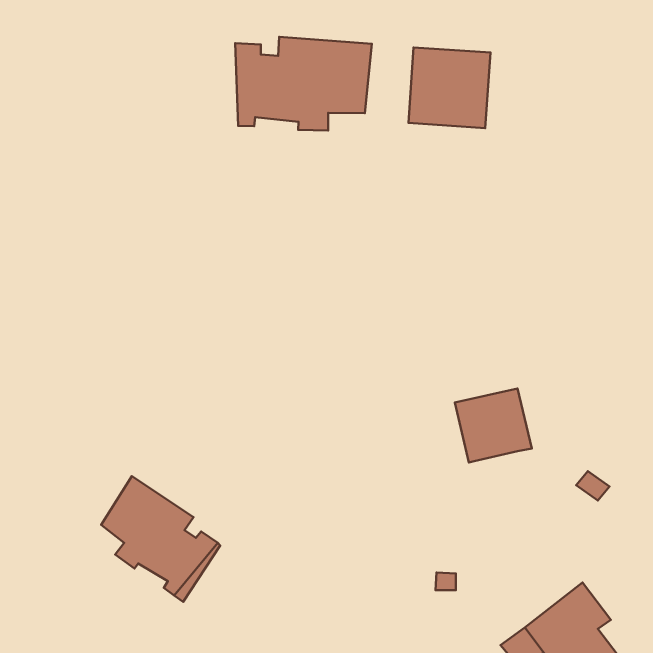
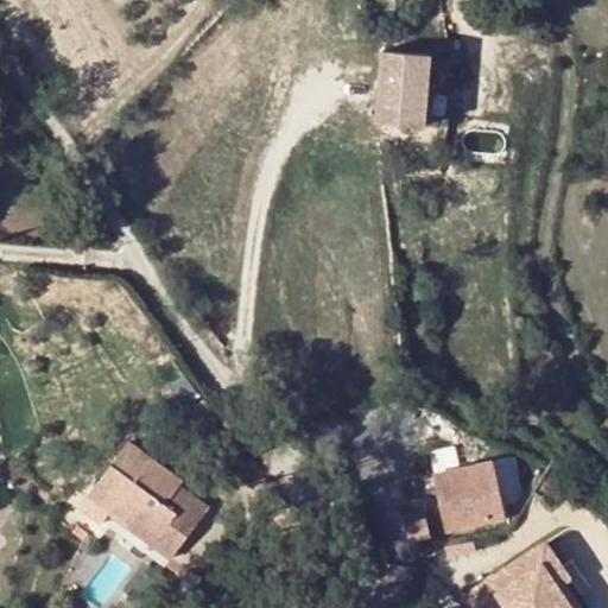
building: [235,37,372,131] -> none
building: [455,388,532,463] -> [436,469,507,538]

